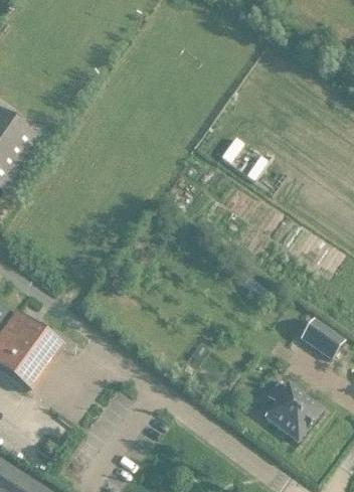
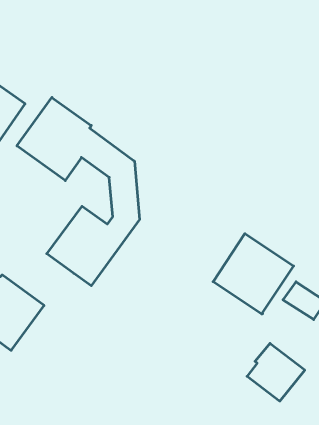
building: none -> [17,97,140,286]
building: none -> [213,234,294,314]

